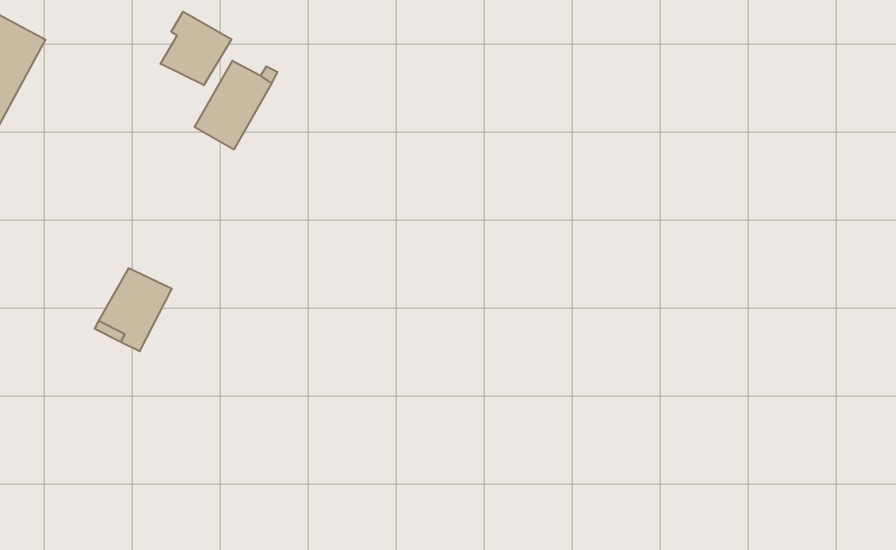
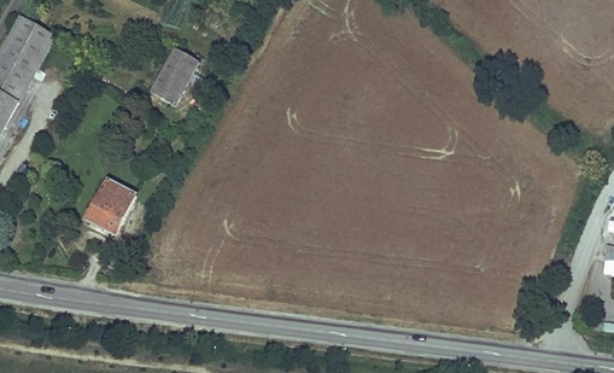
building: [160,12,231,85] -> none

